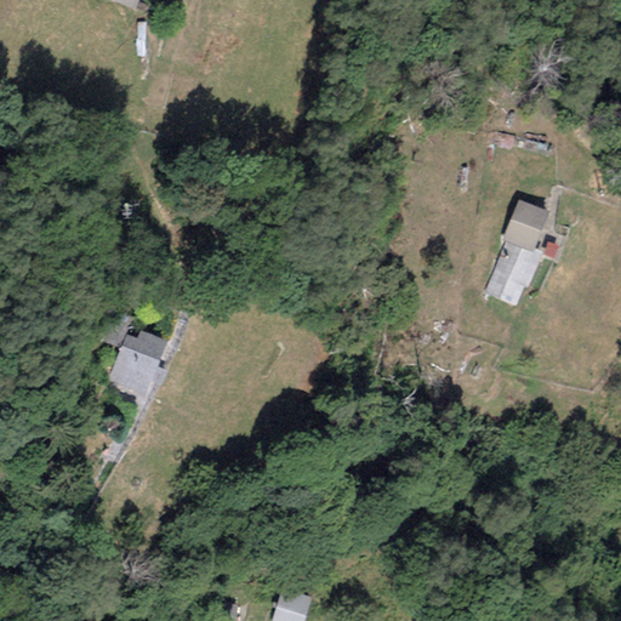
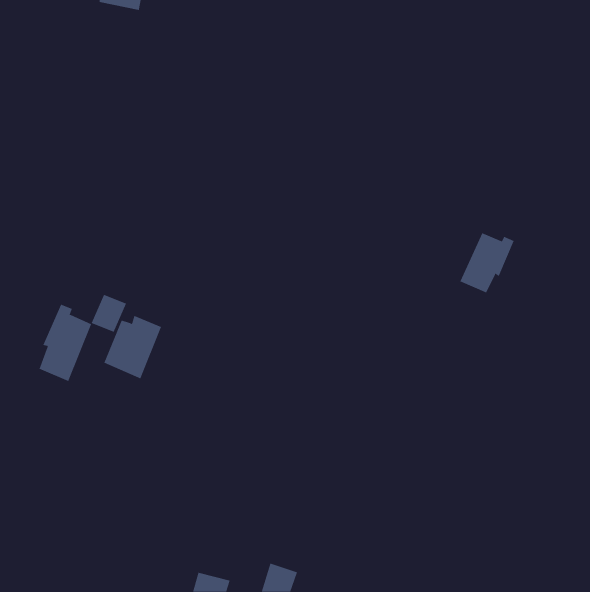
building: [500,200,545,251] -> none
building: none -> [39,304,92,382]

